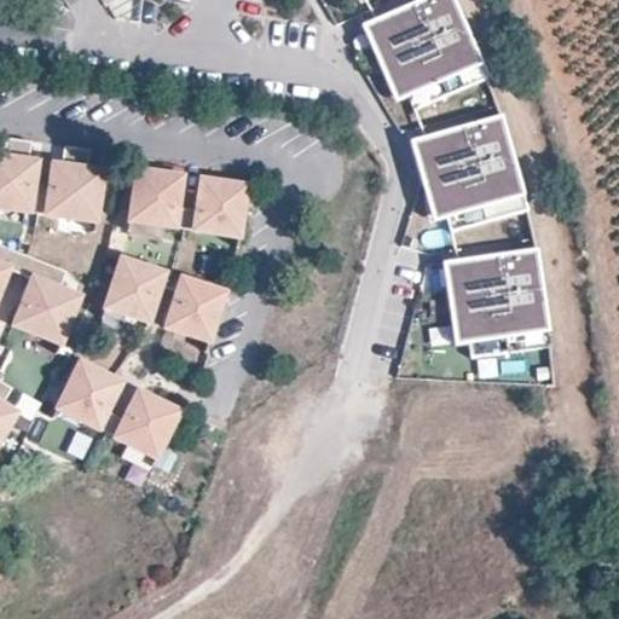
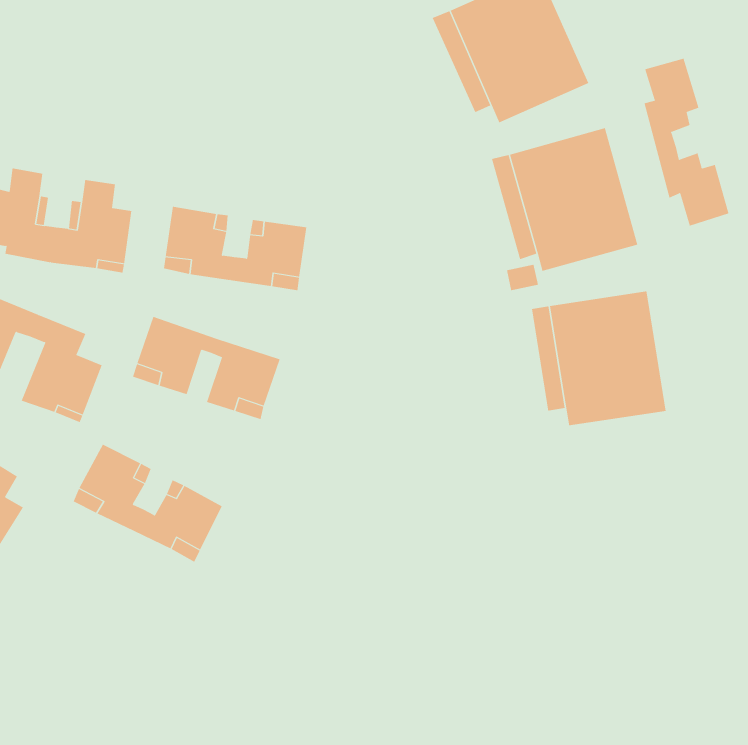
building: none -> [644,58,729,227]

